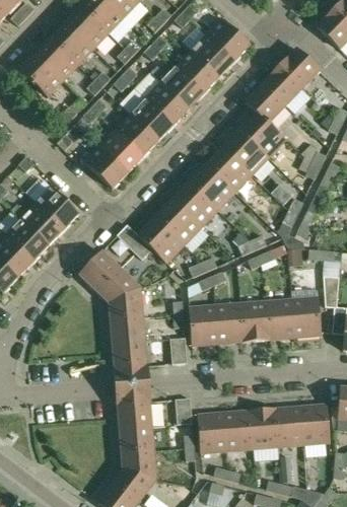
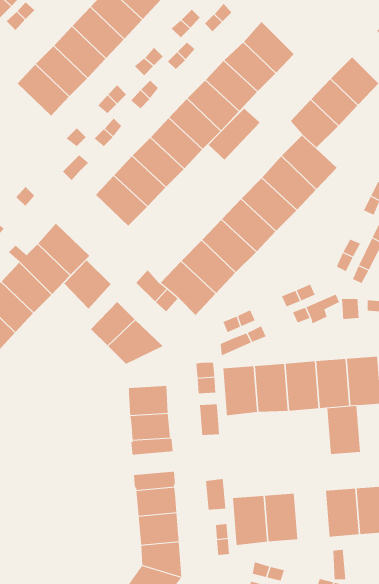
building: none -> [208,108,261,161]
building: none -> [64,260,112,309]
building: [109,288,143,322] -> none
building: [249,408,277,448] -> [326,406,361,455]

